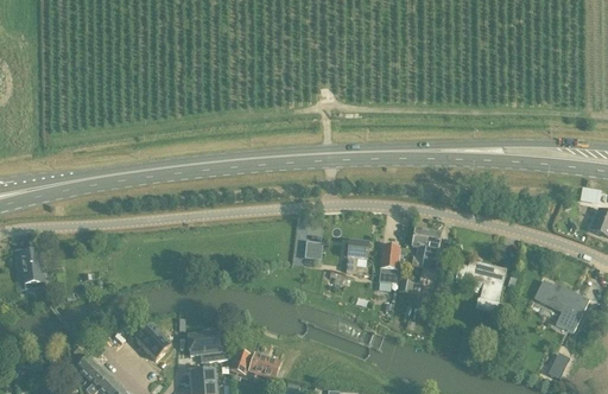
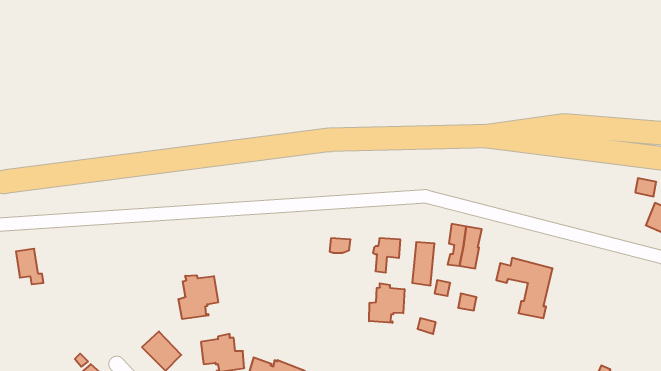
building: none -> [178,275,218,319]
building: none -> [369,283,404,323]
building: [546,282,589,331] -> none

